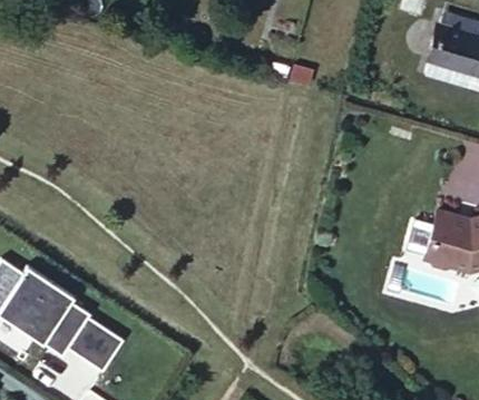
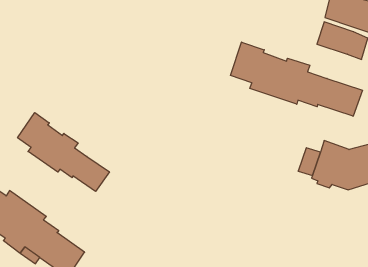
building: none -> [231,42,362,116]
building: none -> [18,113,109,191]

